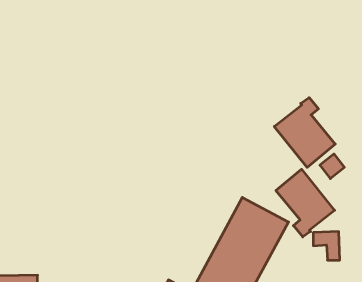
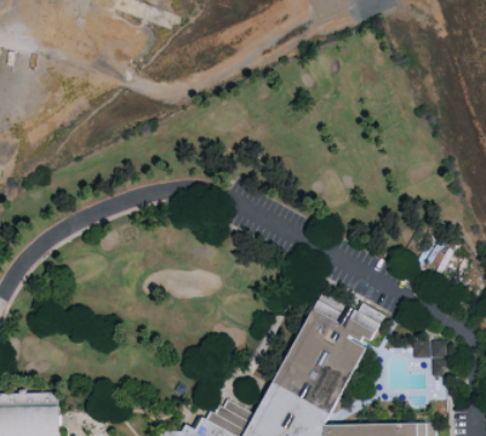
building: [274,98,335,167] -> none
building: [276,169,335,237] -> none

